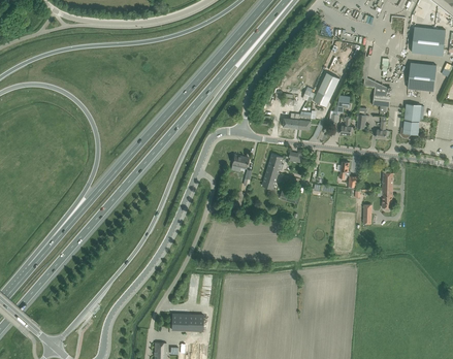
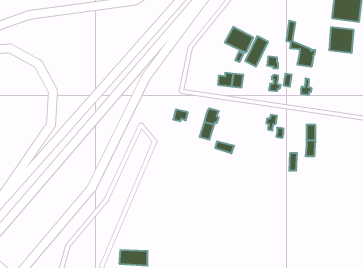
building: none -> [225,27,253,53]
building: [401,103,424,137] -> none

